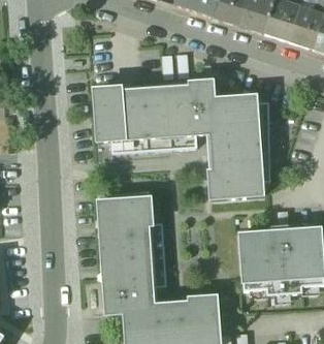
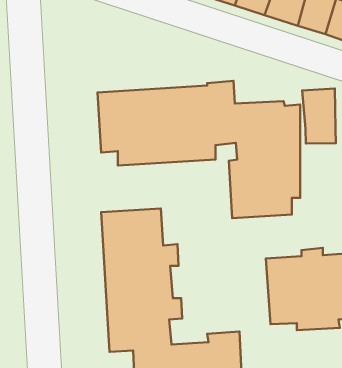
building: none -> [302,88,336,143]

